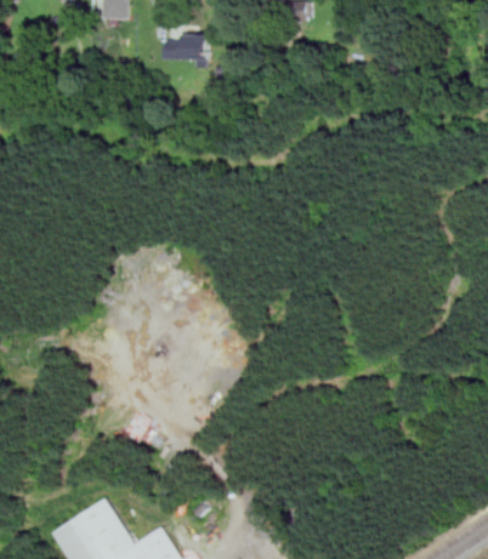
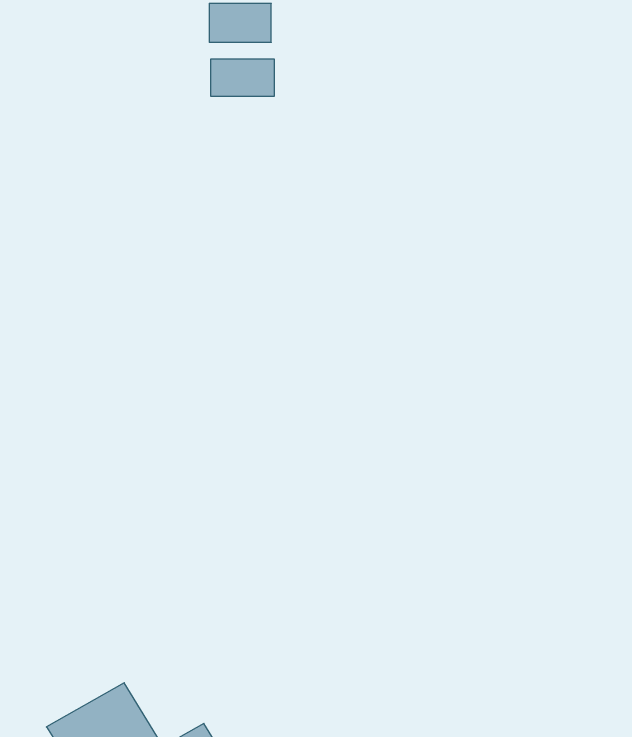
building: none -> [211,59,274,96]

